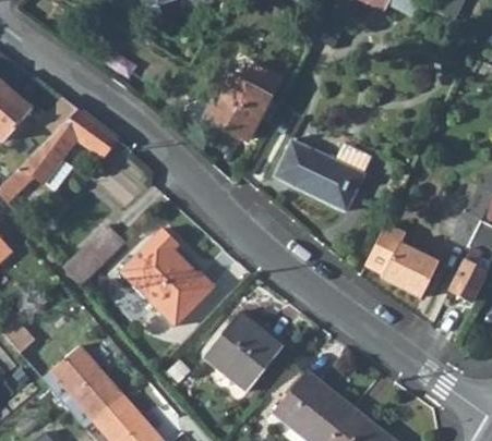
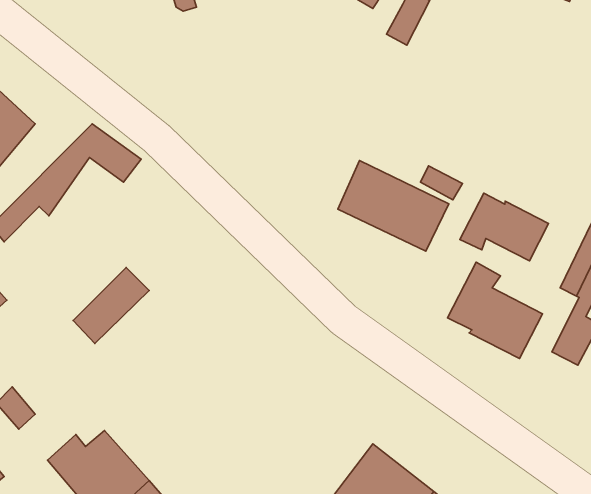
building: [187,75,275,139] -> none
building: none -> [460,193,549,261]
building: [120,229,213,323] -> none
building: [204,310,281,388] -> none

